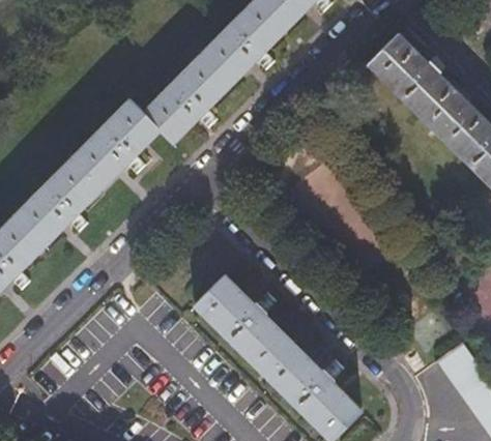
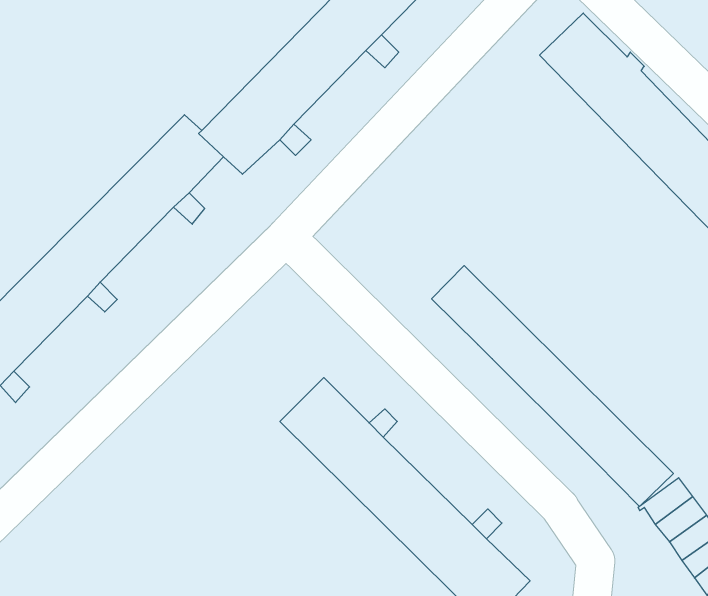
building: none -> [432,266,673,506]

